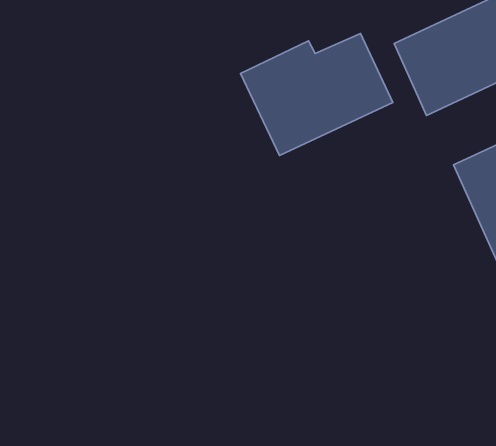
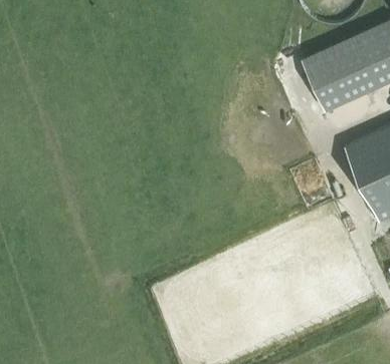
building: [240,33,393,156] -> none

